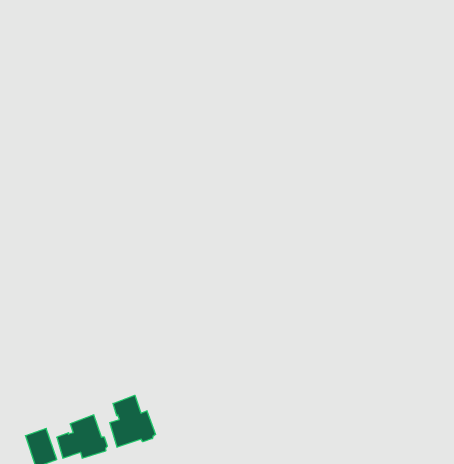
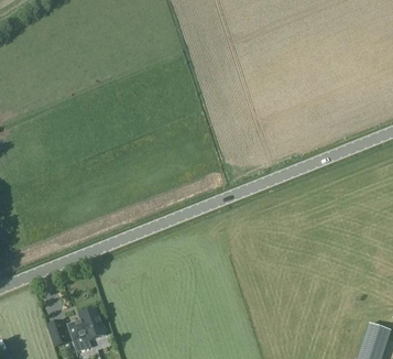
building: [110,395,155,447] -> none

